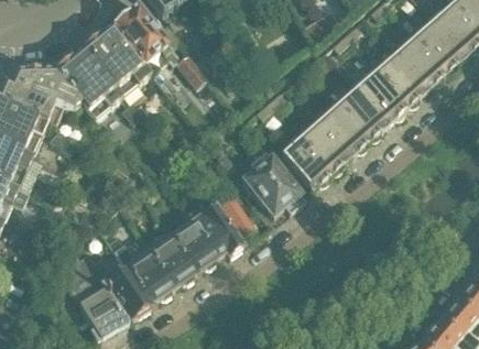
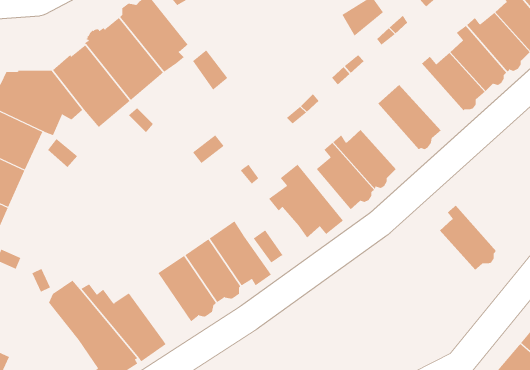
building: [352,63,407,120] -> none
building: [319,97,369,153] -> [439,205,497,270]
building: [107,232,174,299] -> none

